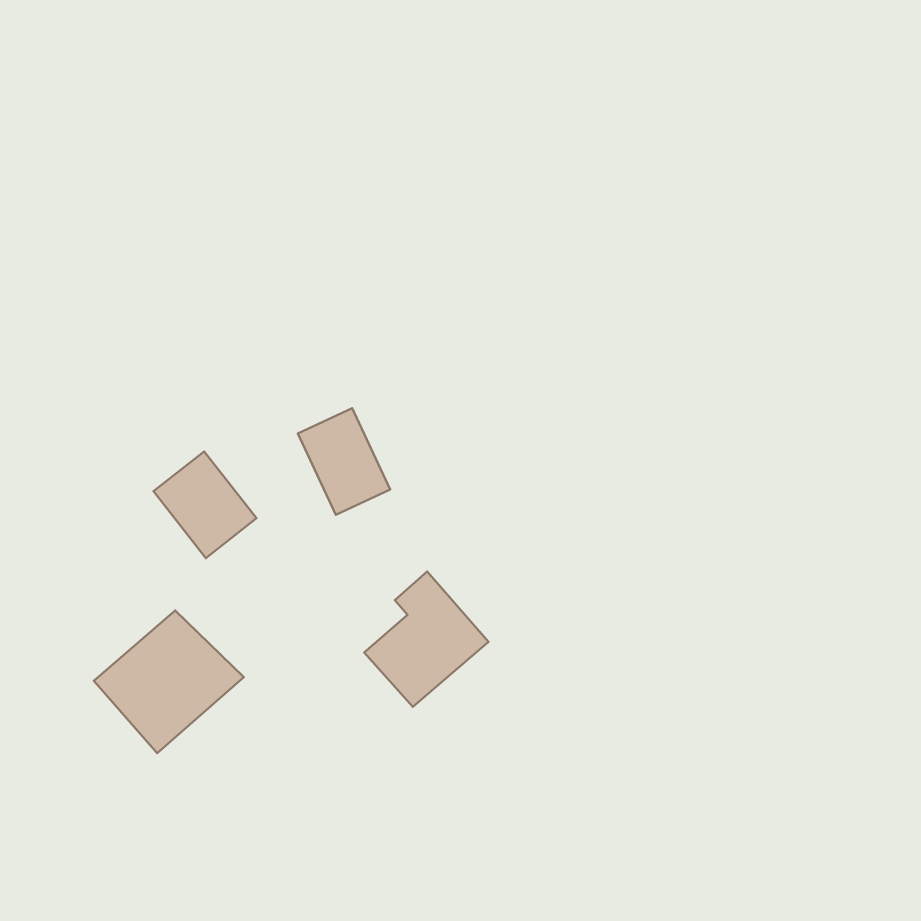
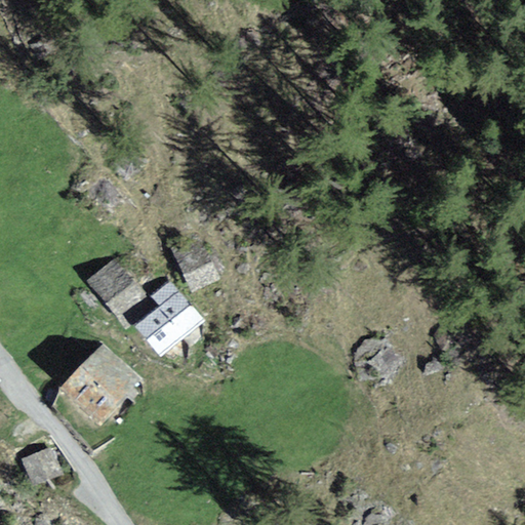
building: [364,571,489,707] -> [135,279,206,356]
building: none -> [13,449,54,486]

